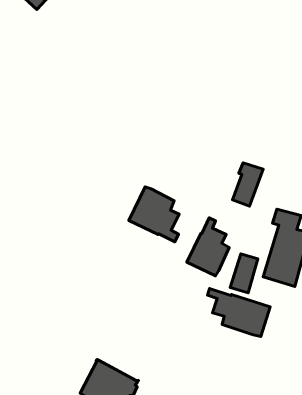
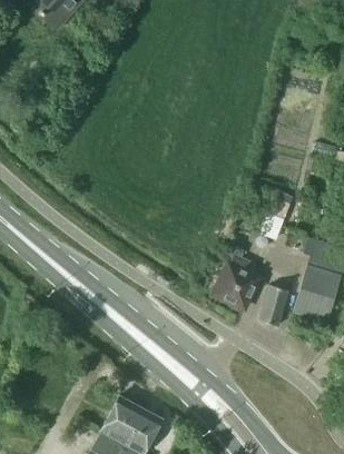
building: [129,187,179,242] -> none
building: [208,288,270,337] -> none

